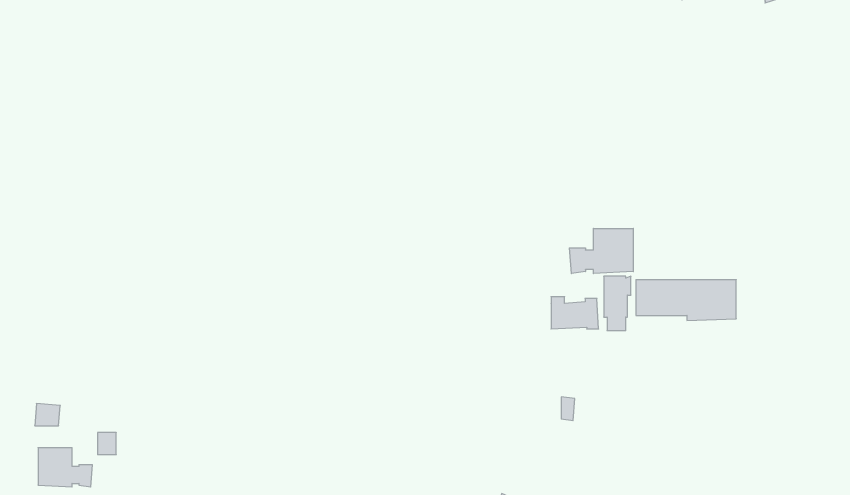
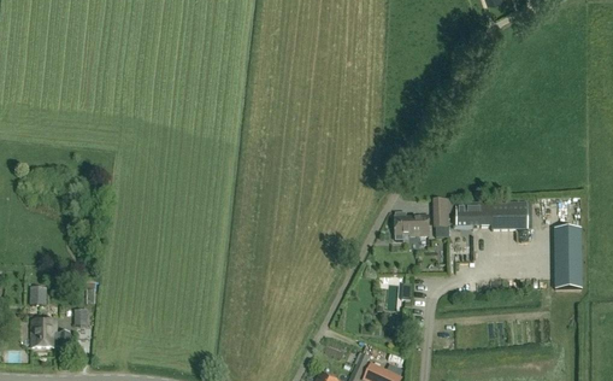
building: [569,228,633,274] -> none
building: none -> [554,239,580,288]

